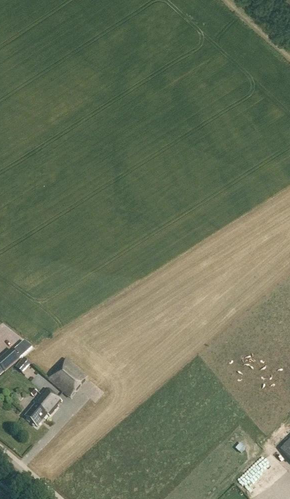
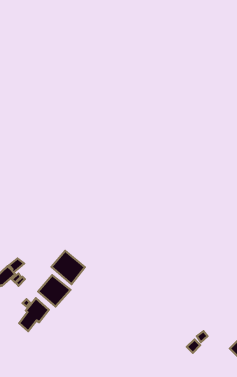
building: none -> [52,251,85,284]

